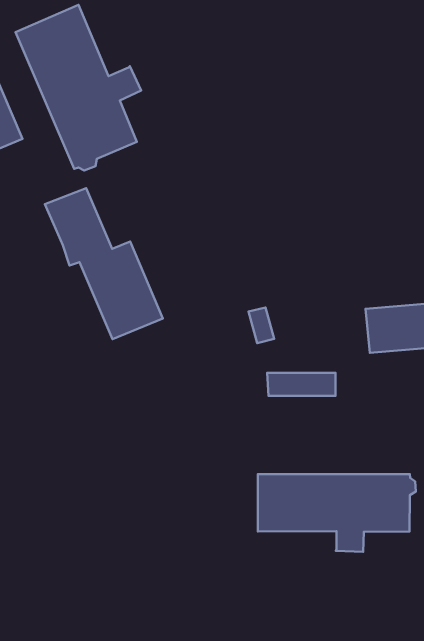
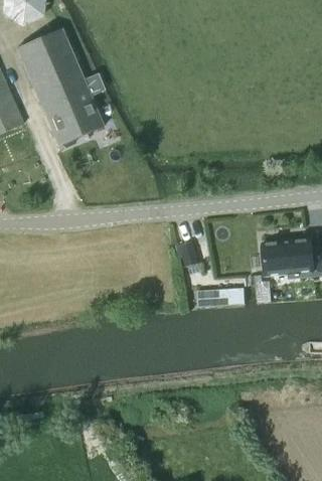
building: [45,188,163,339] -> none
building: [258,474,416,552] -> none

